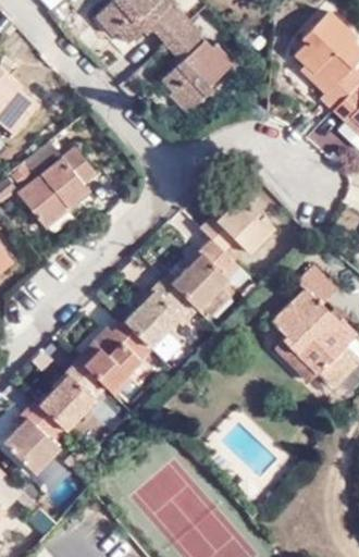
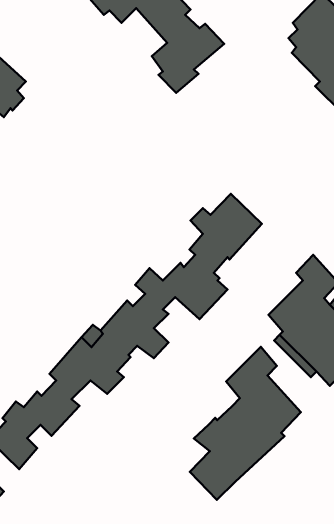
building: [18,154,90,227] -> none
building: none -> [190,347,301,500]

